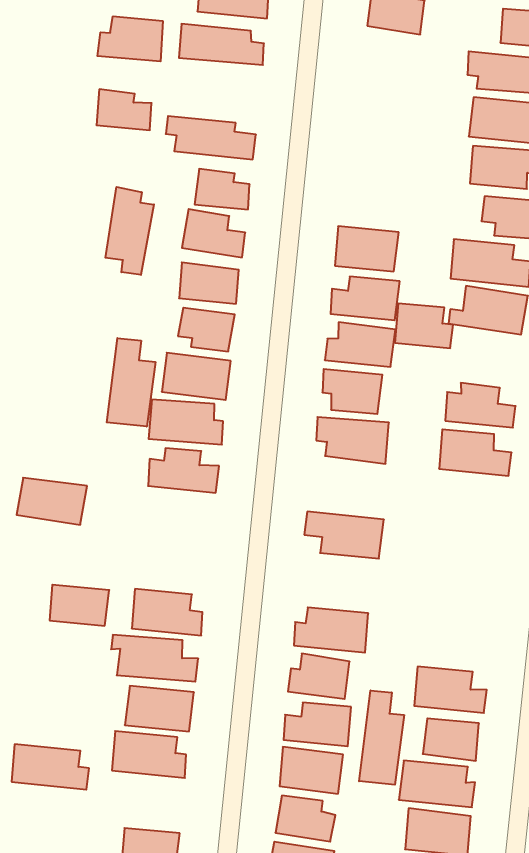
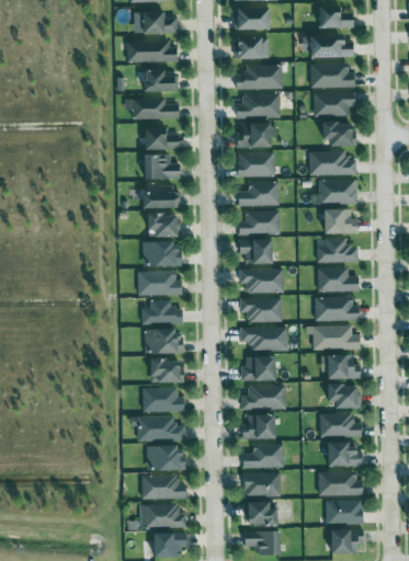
building: [97,16,163,61] -> none
building: none -> [236,36,269,59]
building: none -> [236,65,283,89]
building: [96,89,152,130] -> [145,70,179,92]
building: none -> [236,93,281,118]
building: none -> [237,123,275,147]
building: [105,187,154,275] -> none
building: [395,303,453,348] -> [323,208,359,233]
building: [107,338,155,427] -> none
building: none -> [239,298,281,322]
building: none -> [314,296,360,320]
building: [17,478,87,525] -> [144,330,184,354]
building: none -> [311,324,361,350]
building: none -> [241,356,277,381]
building: none -> [321,354,362,379]
building: [50,585,109,626] -> [149,359,184,382]
building: none -> [329,385,361,409]
building: [359,690,404,785] -> none
building: [12,744,89,790] -> [139,504,186,528]

